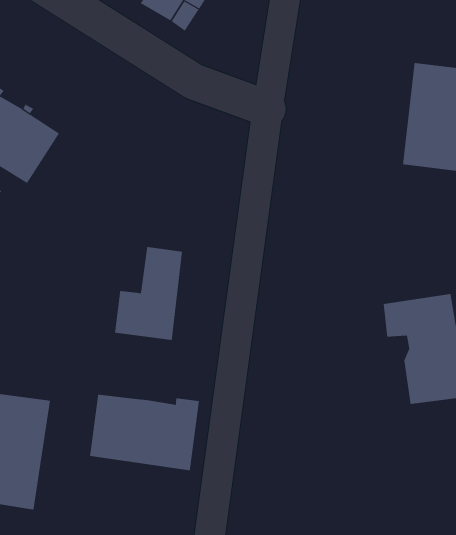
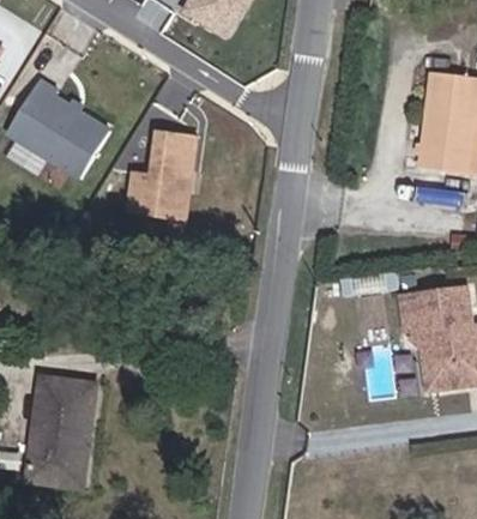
building: [114,246,183,341] -> [132,127,195,215]
building: [90,394,200,471] -> none

